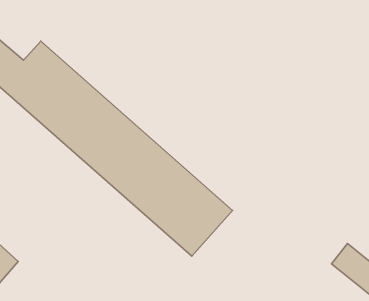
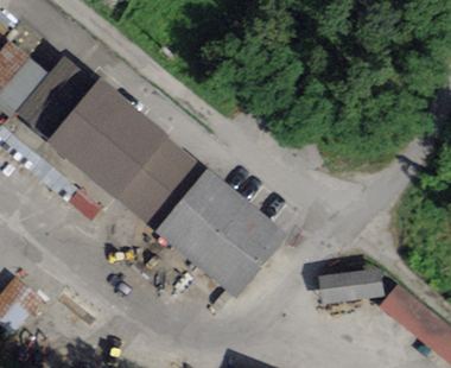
building: none -> [320,271,381,303]

